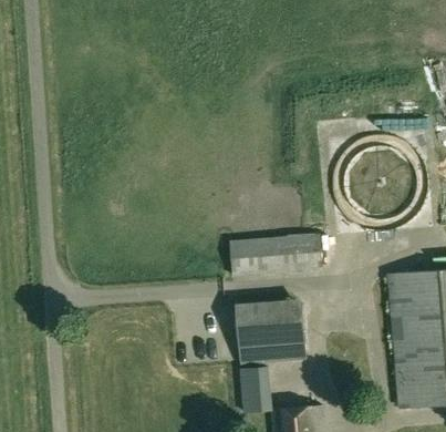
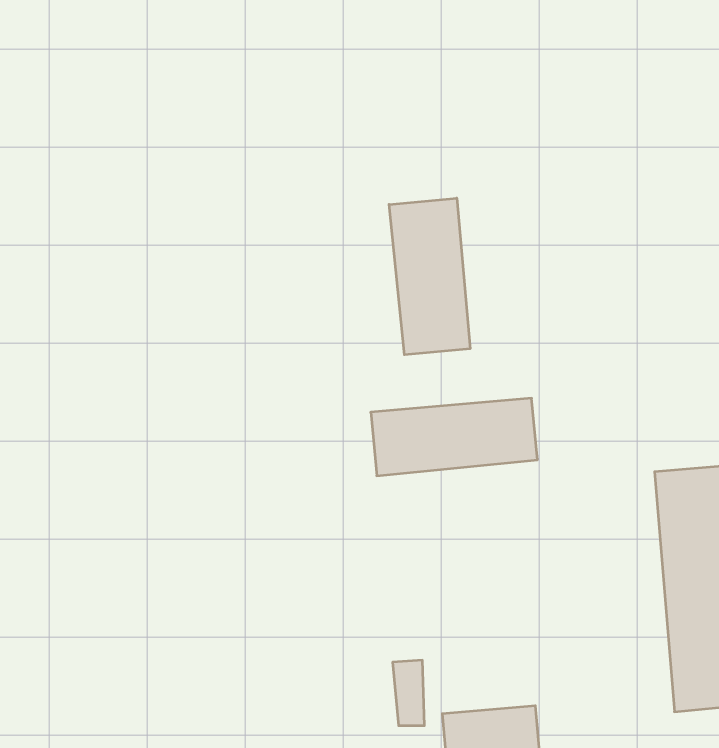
building: none -> [389,198,470,355]
building: [237,298,309,360] -> none

